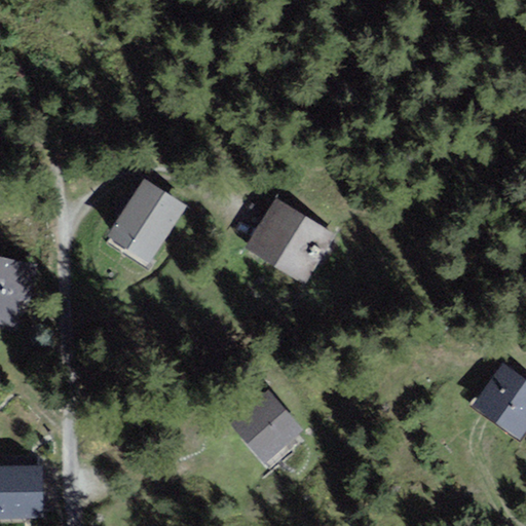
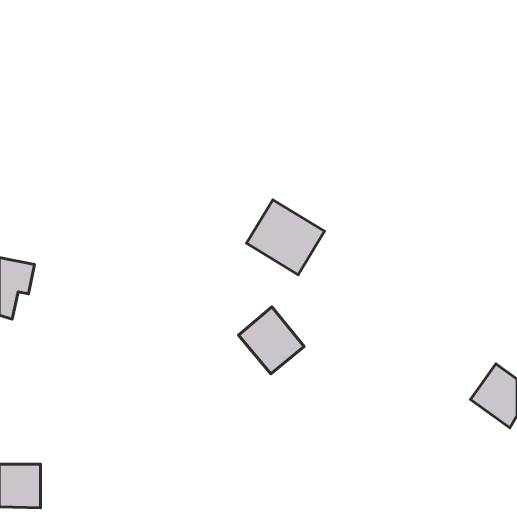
building: [111,184,182,259] -> none
building: [235,396,302,463] -> [238,307,304,374]

